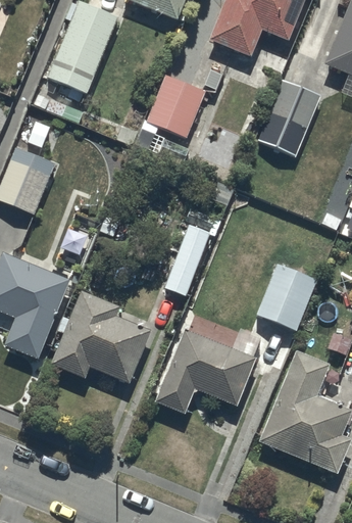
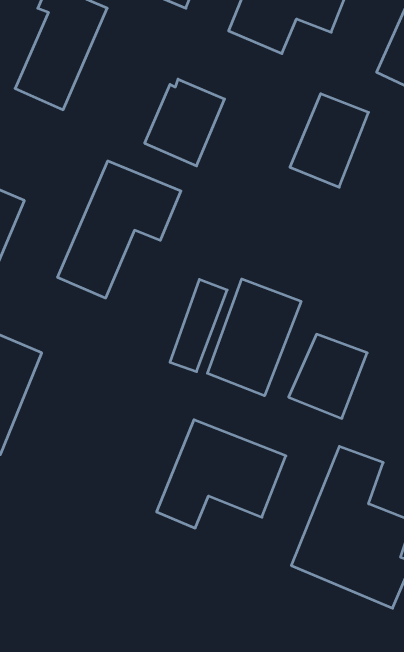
building: none -> [58,161,181,298]
building: none -> [207,279,301,396]
building: [50,290,150,385] -> none

